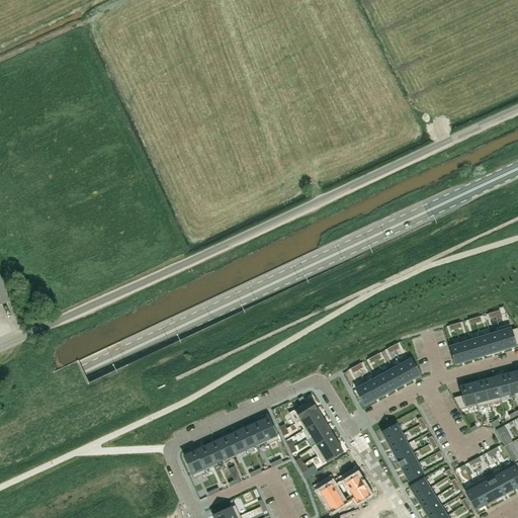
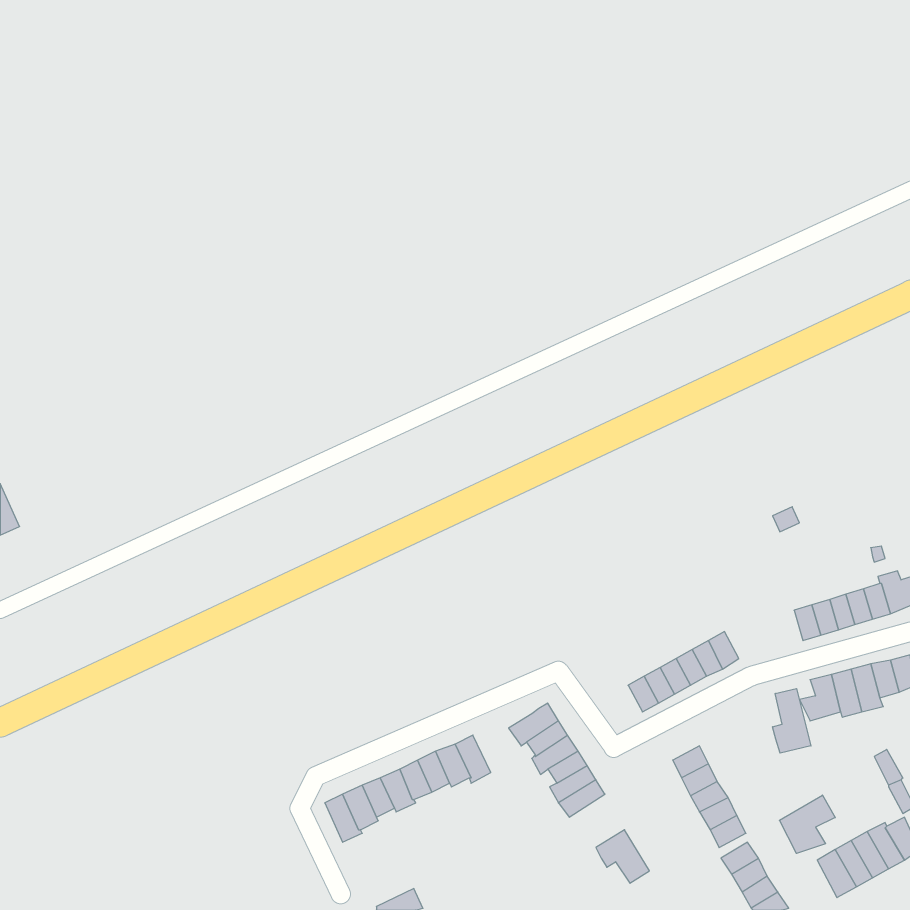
building: none -> [773,689,811,753]
building: none -> [779,795,835,853]
building: [319,477,344,510] -> none

